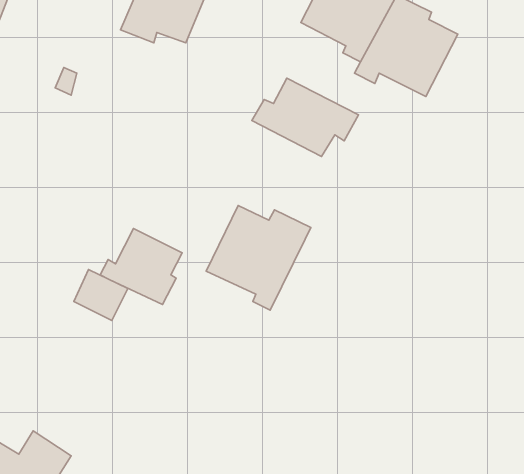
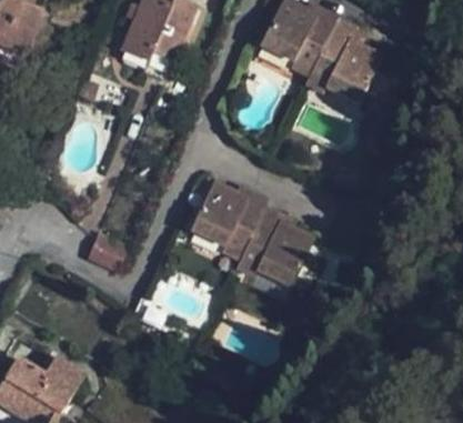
building: [252,78,359,157] -> none
building: [100,228,182,305] -> none
building: none -> [234,208,313,286]

